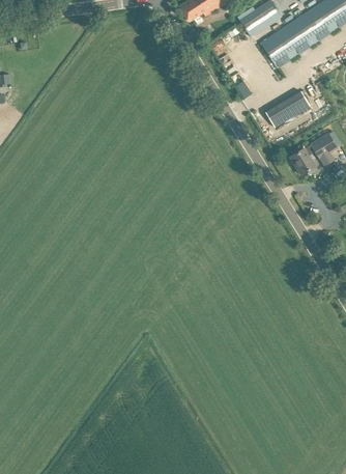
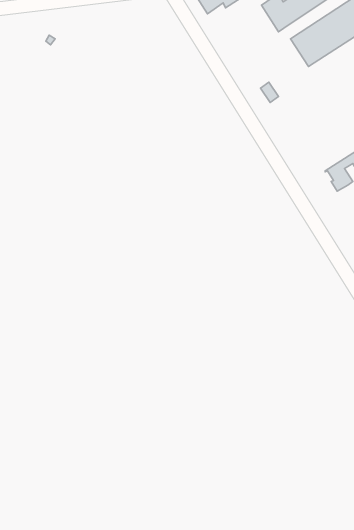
building: [266,91,311,127] -> none

